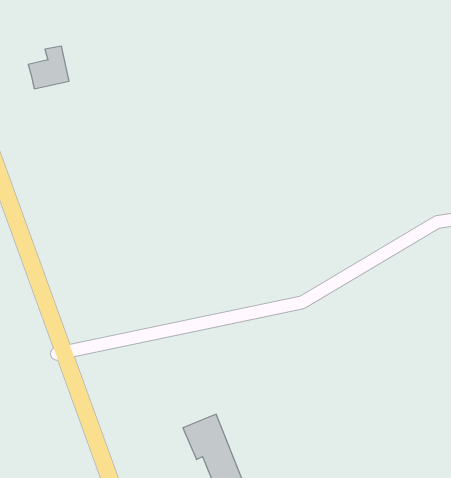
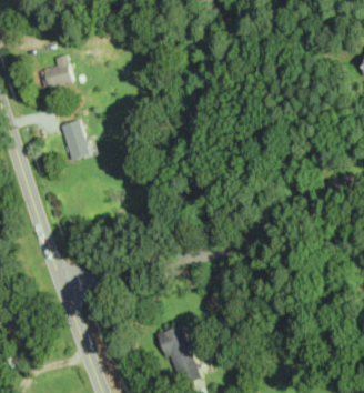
building: none -> [62,121,91,161]

